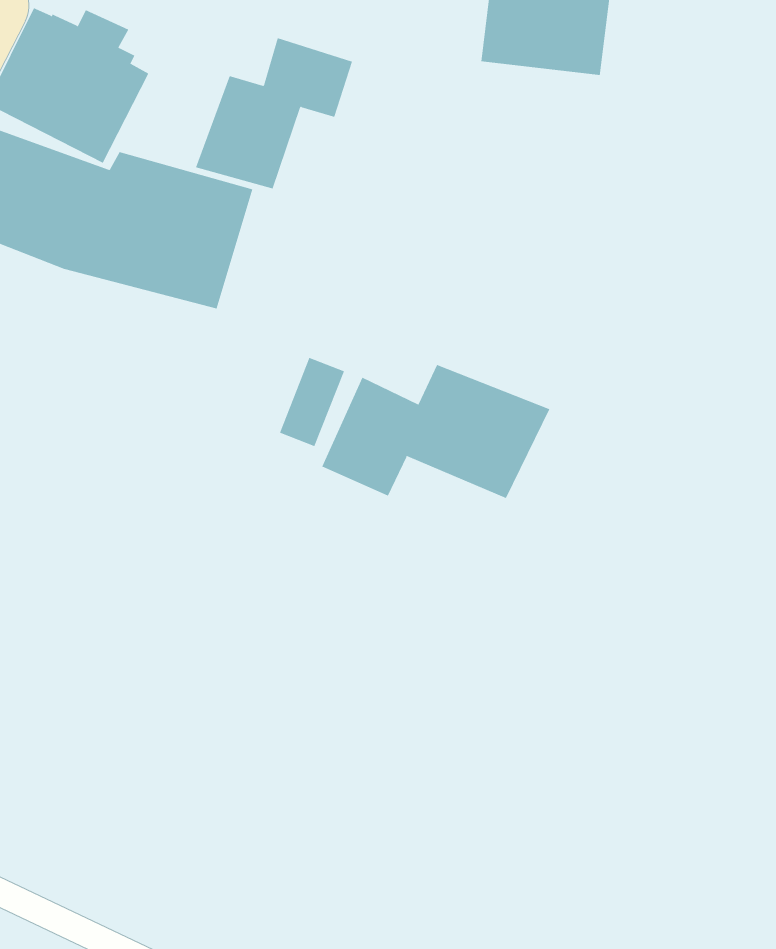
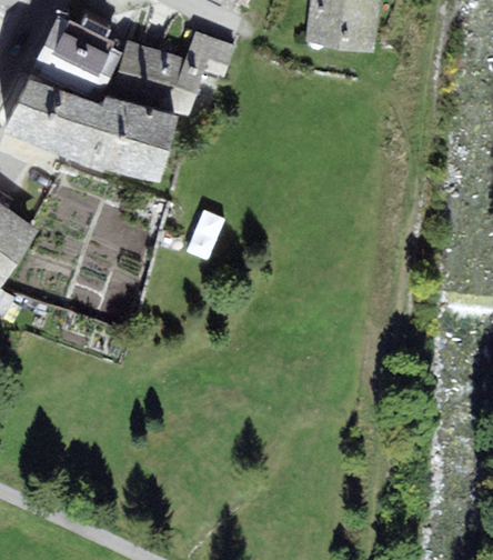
building: none -> [108,39,164,102]
building: [322,364,550,499] -> none

